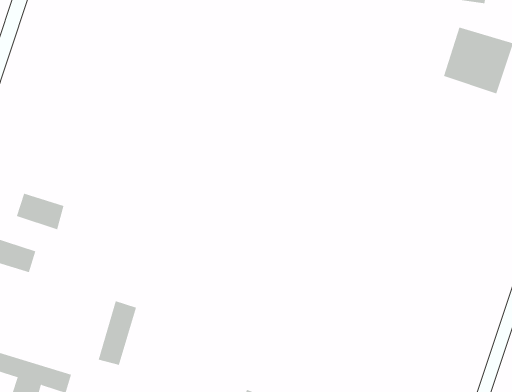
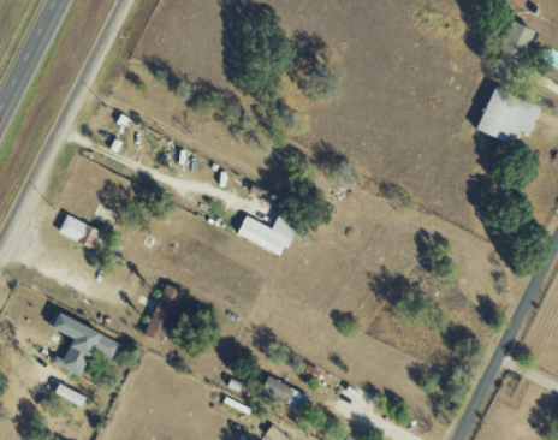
building: [16,193,64,230] -> none
building: none -> [236,214,297,255]

